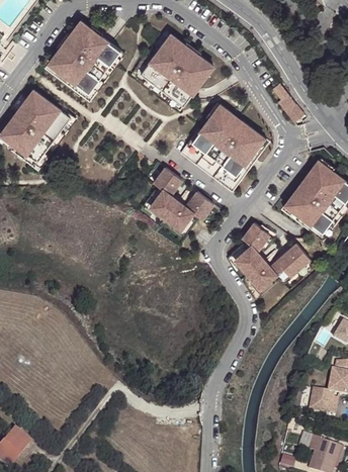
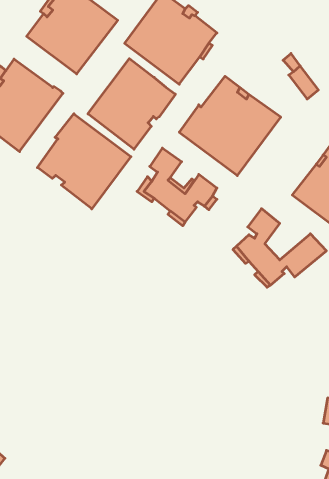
building: none -> [88,59,175,149]
building: none -> [37,114,131,209]

